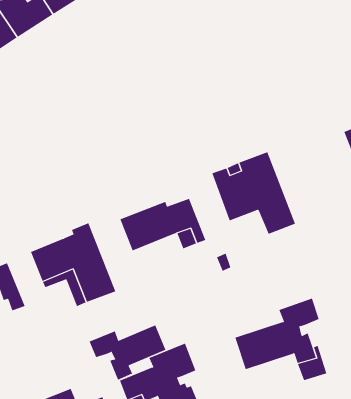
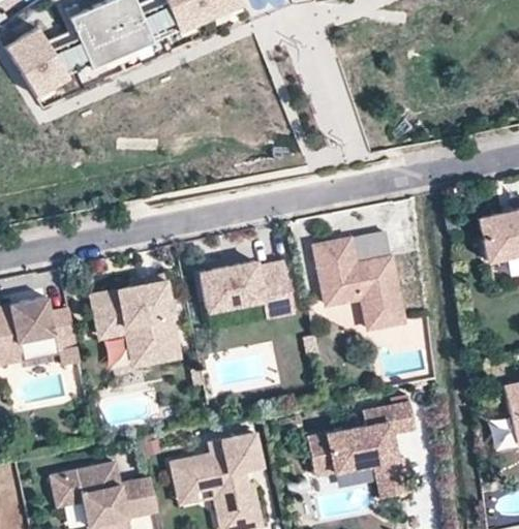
building: [89,325,166,381] -> none

